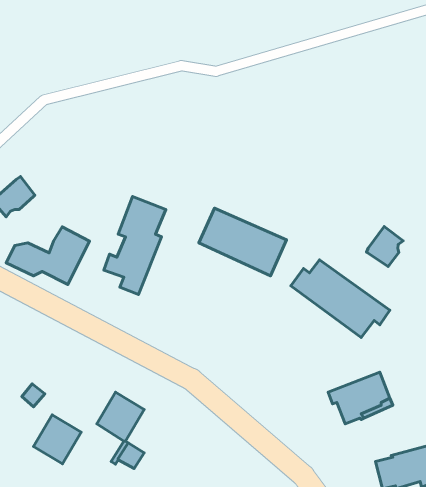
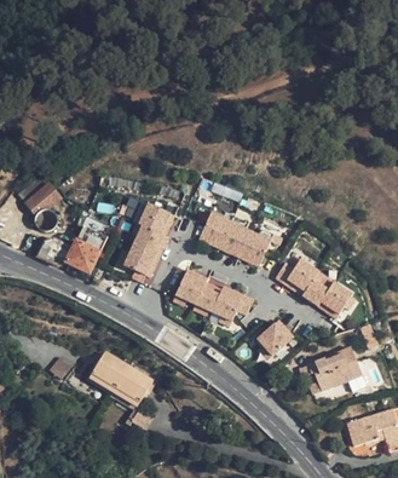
building: [366,227,403,266] -> none
building: none -> [173,269,255,326]
building: none -> [253,319,299,365]
building: [34,415,81,464] -> [90,351,129,392]

